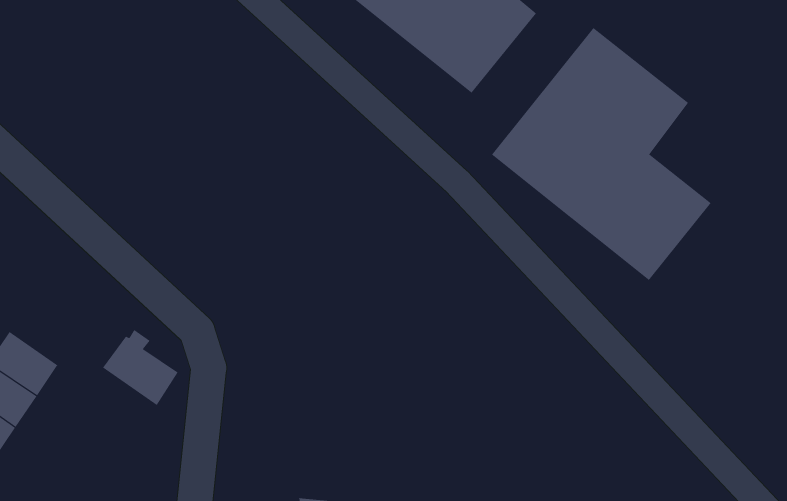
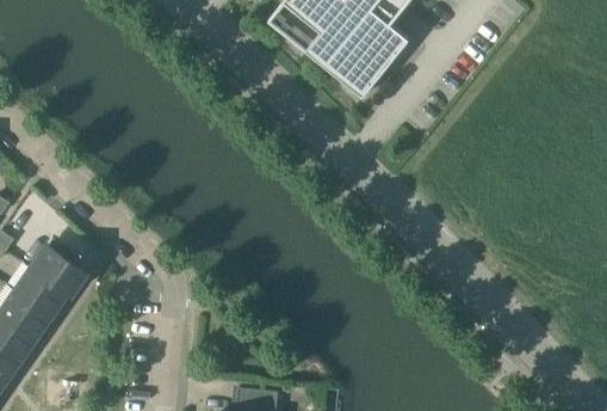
building: [491,27,712,281] -> none
building: [102,329,179,406] -> [31,240,86,295]

